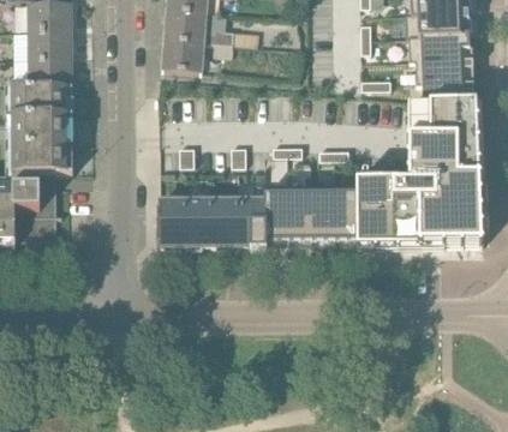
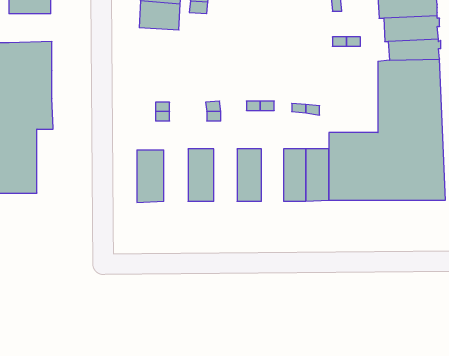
building: [28,50,72,80] -> none
building: [187,190,213,244] -> none
building: [239,190,263,244] -> none
building: [288,190,311,244] -> none

